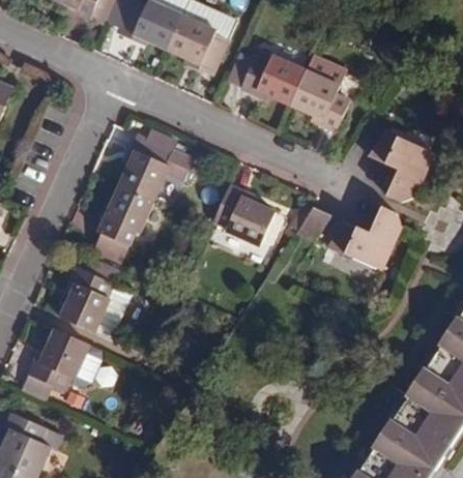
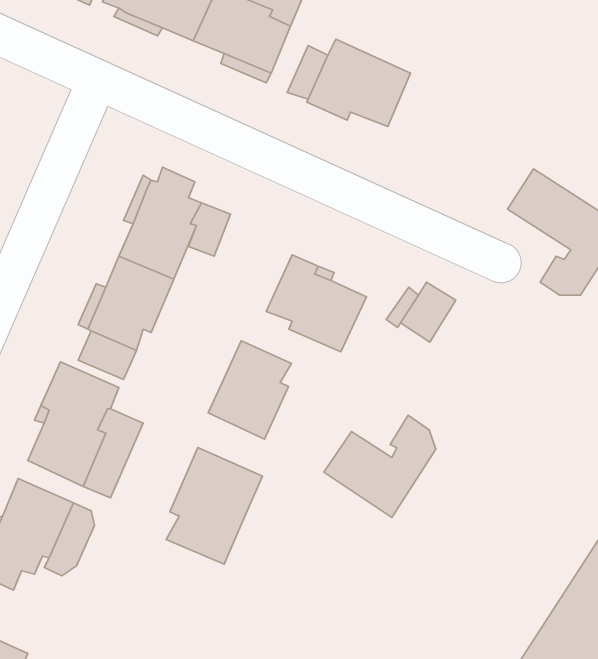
building: [291,68,351,131] -> none
building: [328,210,400,275] -> [324,415,436,517]
building: none -> [208,341,291,439]
building: none -> [166,447,262,564]

